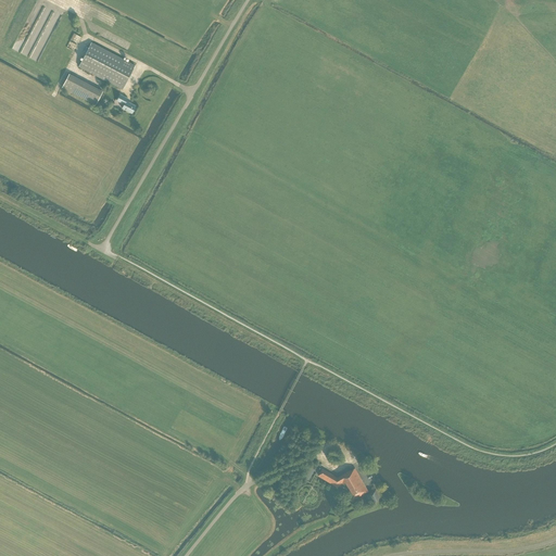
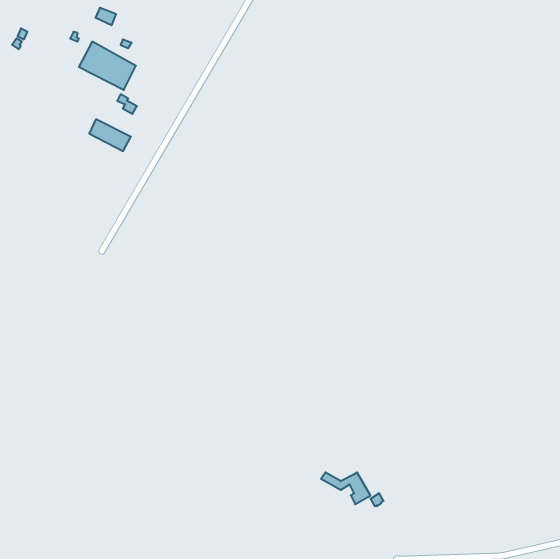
building: [62,73,103,104] -> [89,119,131,151]

